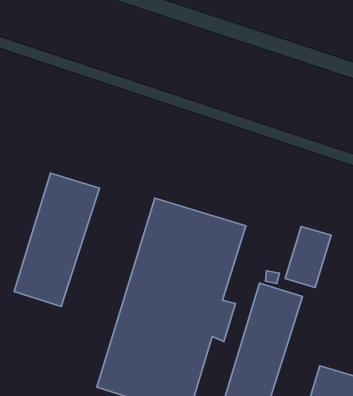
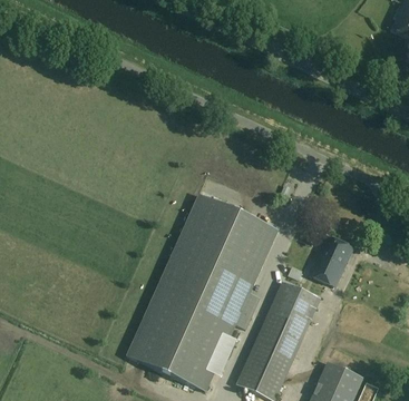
building: [14,173,99,307] -> none

